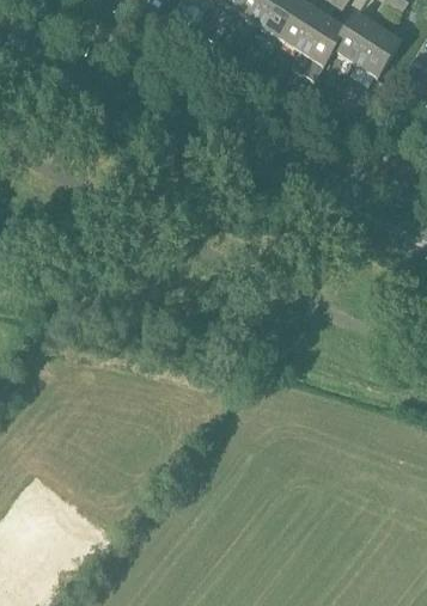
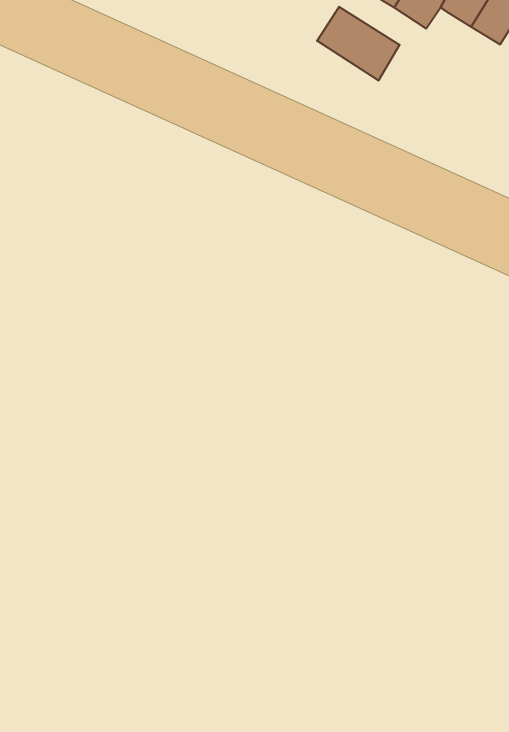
building: none -> [317,7,400,81]

